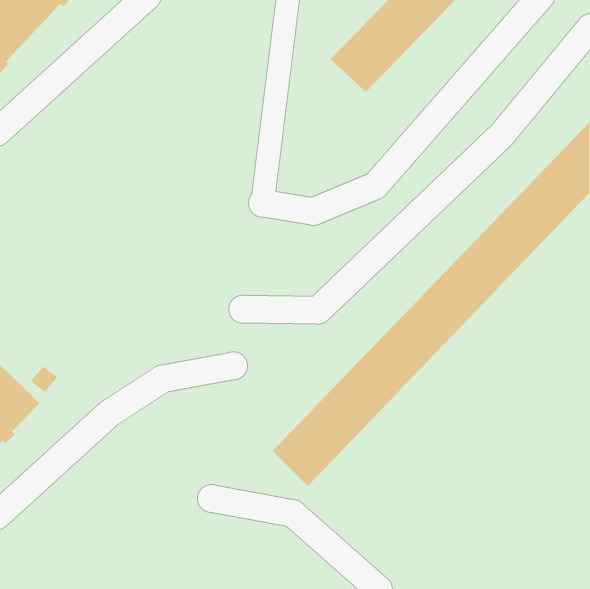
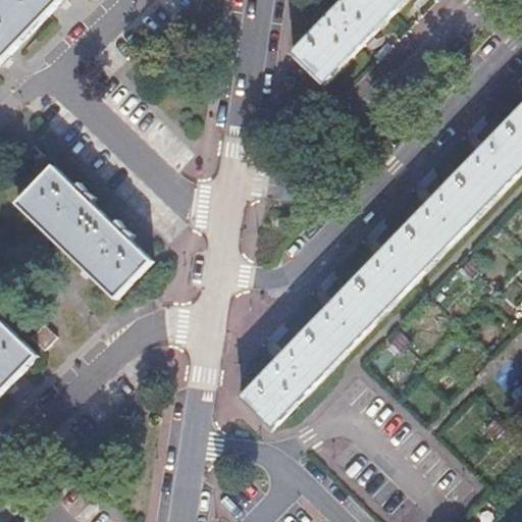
building: none -> [15,164,151,297]

